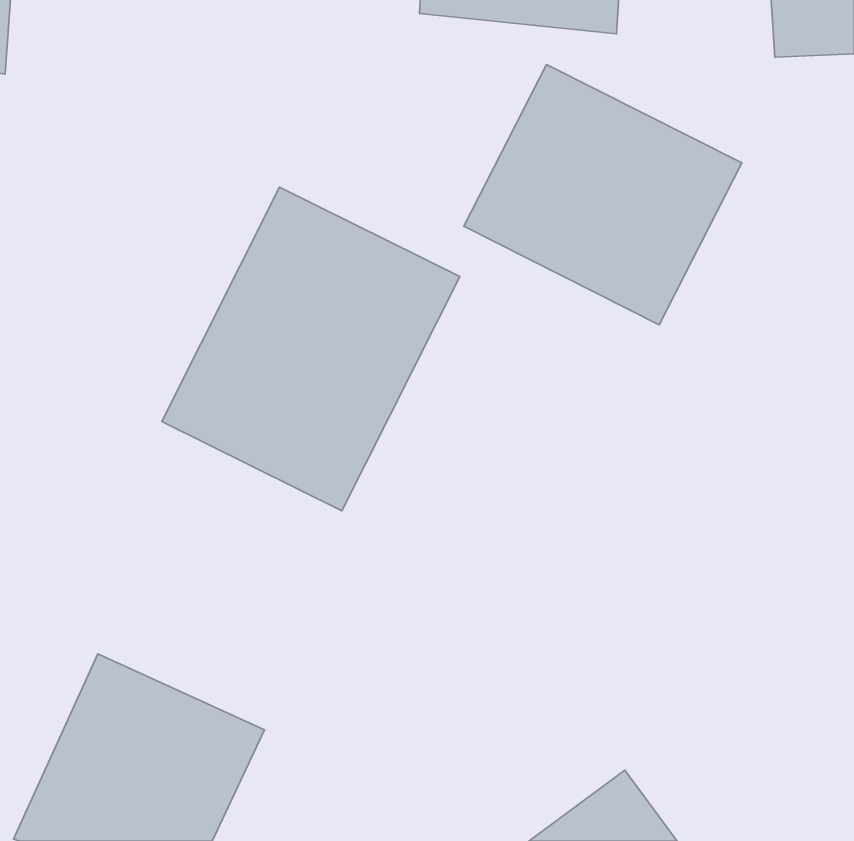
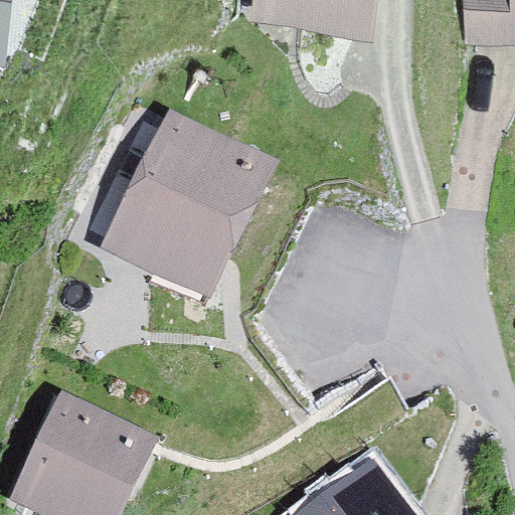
building: [464,64,742,325] -> none

